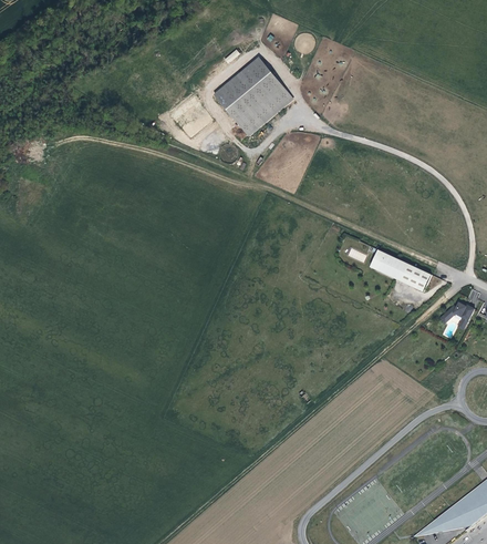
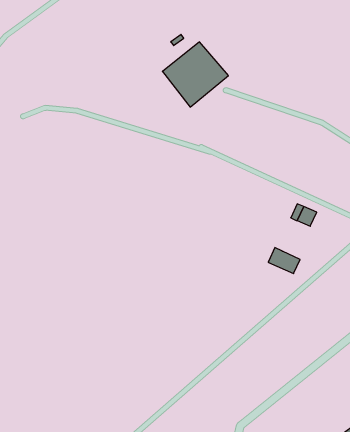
building: [390,260,427,291] -> [268,248,300,274]

